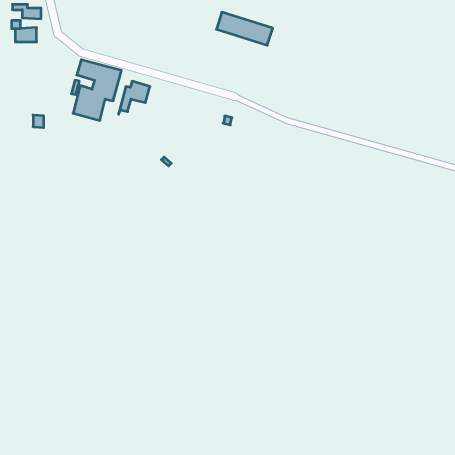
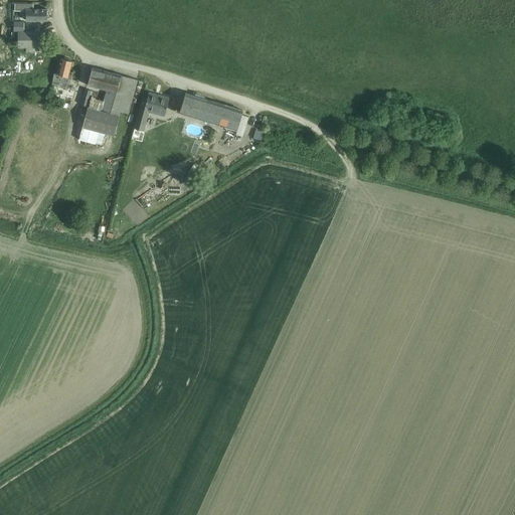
building: [216,12,273,45] -> [179,95,242,132]
building: none -> [50,58,70,89]

